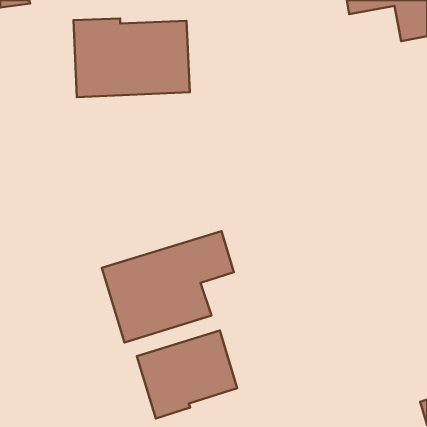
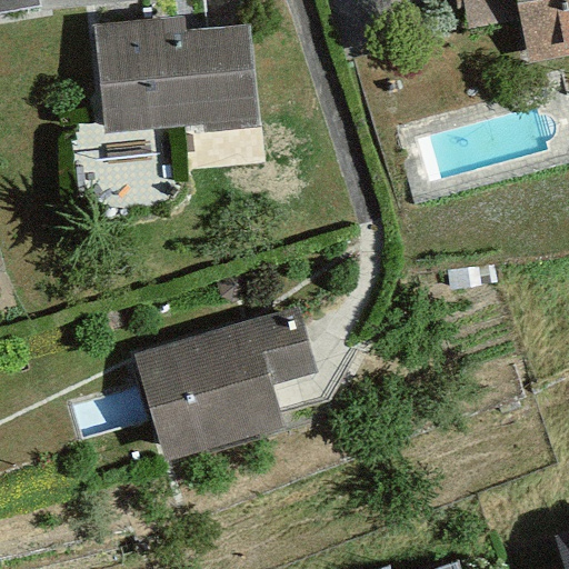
building: [137,331,237,419] -> none

